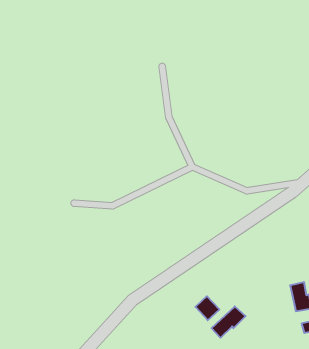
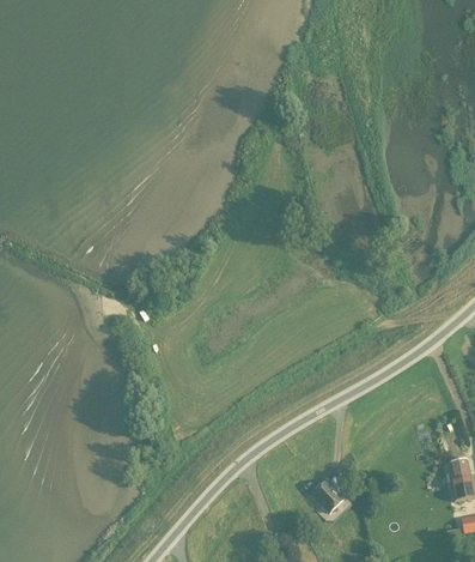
building: [212,306,246,338] -> none

